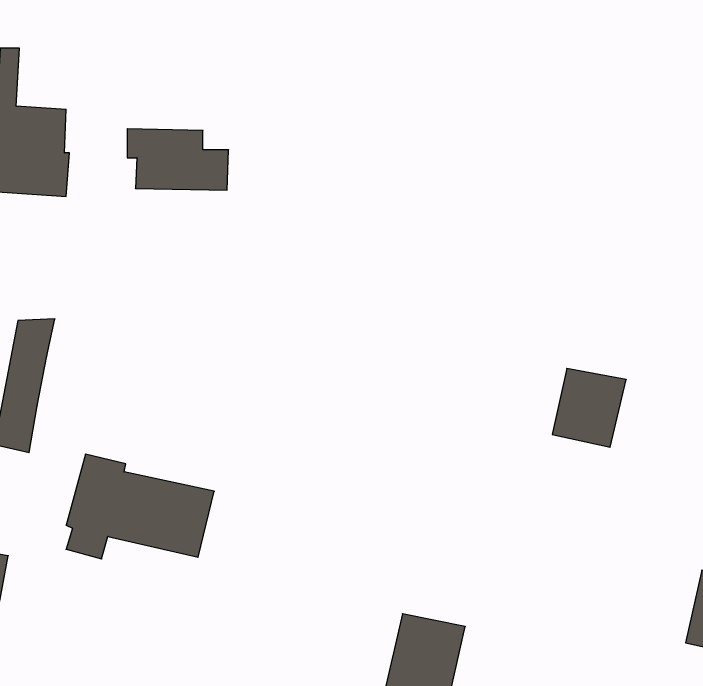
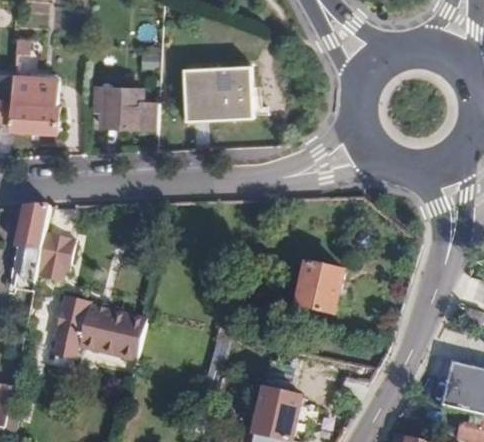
building: none -> [183,66,251,119]
building: none -> [37,231,73,278]
building: [552,368,626,447] -> [297,266,343,315]

